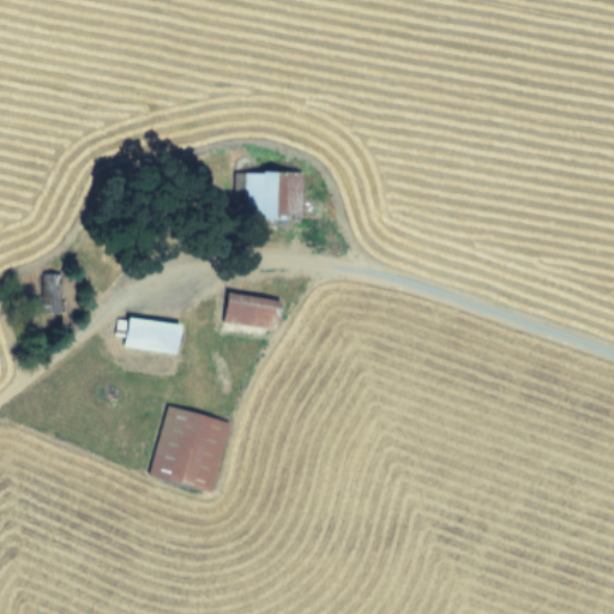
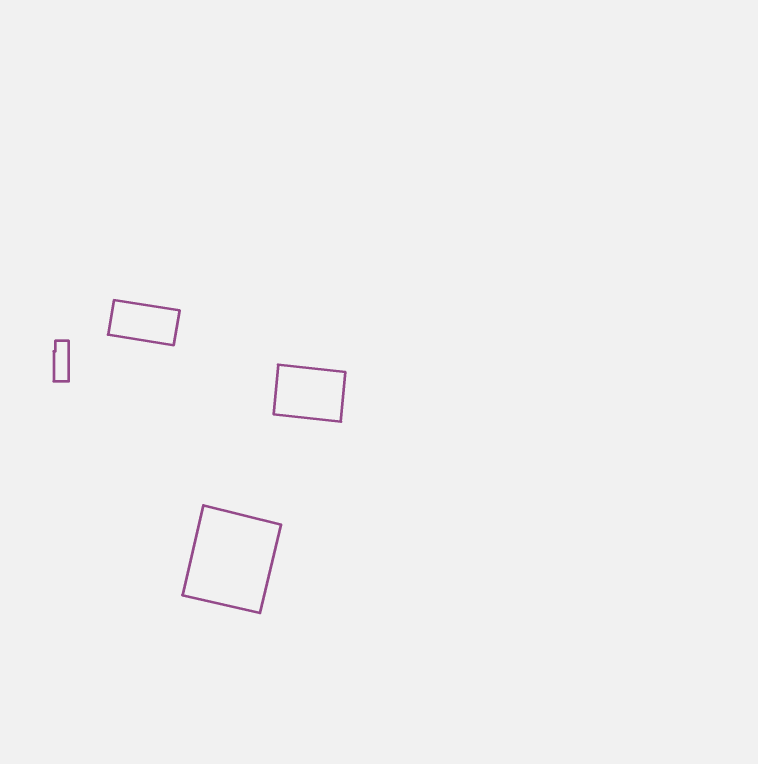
building: [245,171,302,221] -> none
building: [125,317,182,353] -> [108,300,180,345]

